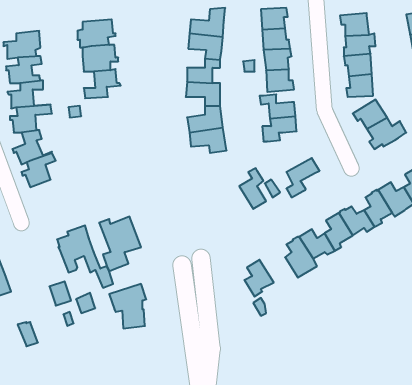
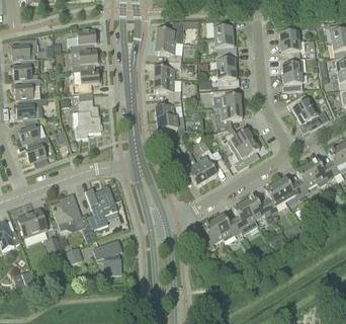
building: none -> [73,92,102,138]
building: none -> [222,128,254,150]
building: none -> [176,158,207,185]
building: none -> [18,207,48,237]
building: none -> [212,214,241,242]

